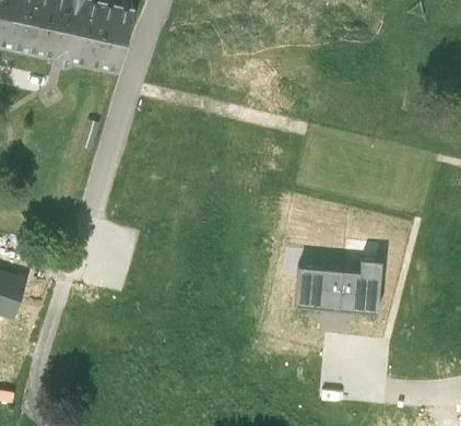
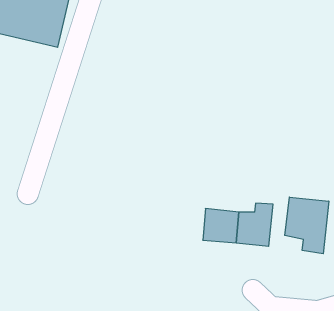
building: none -> [285,197,329,254]

